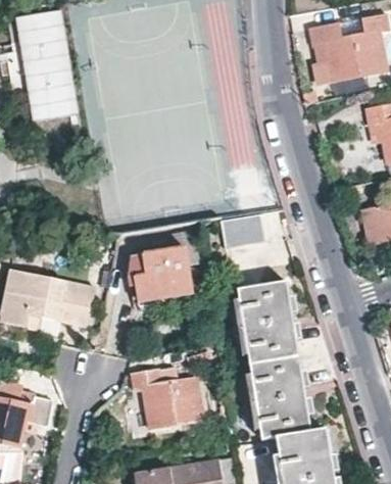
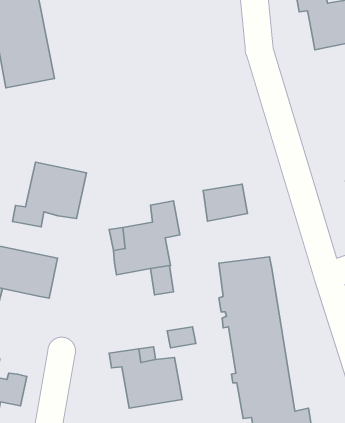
building: none -> [12,162,87,227]

